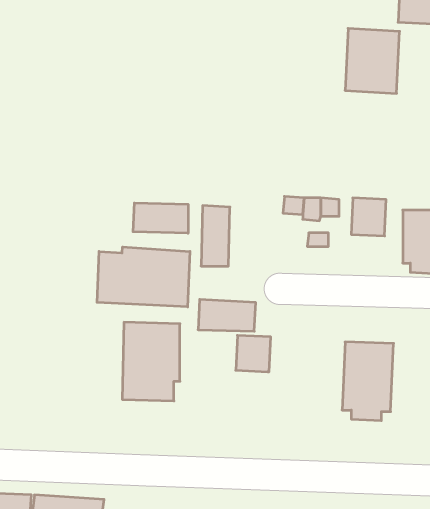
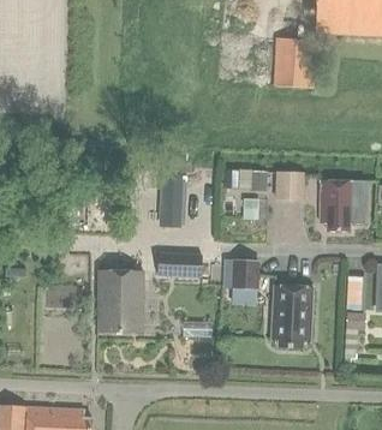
building: [133,203,188,233] -> none
building: [97,247,190,307] -> none
building: [236,335,271,372] -> [228,259,256,288]

